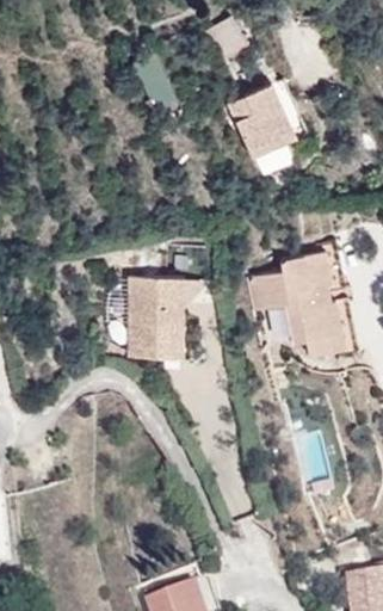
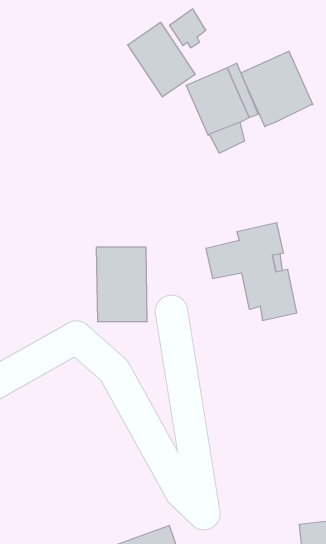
building: none -> [128,22,195,97]
building: none -> [241,51,313,127]

